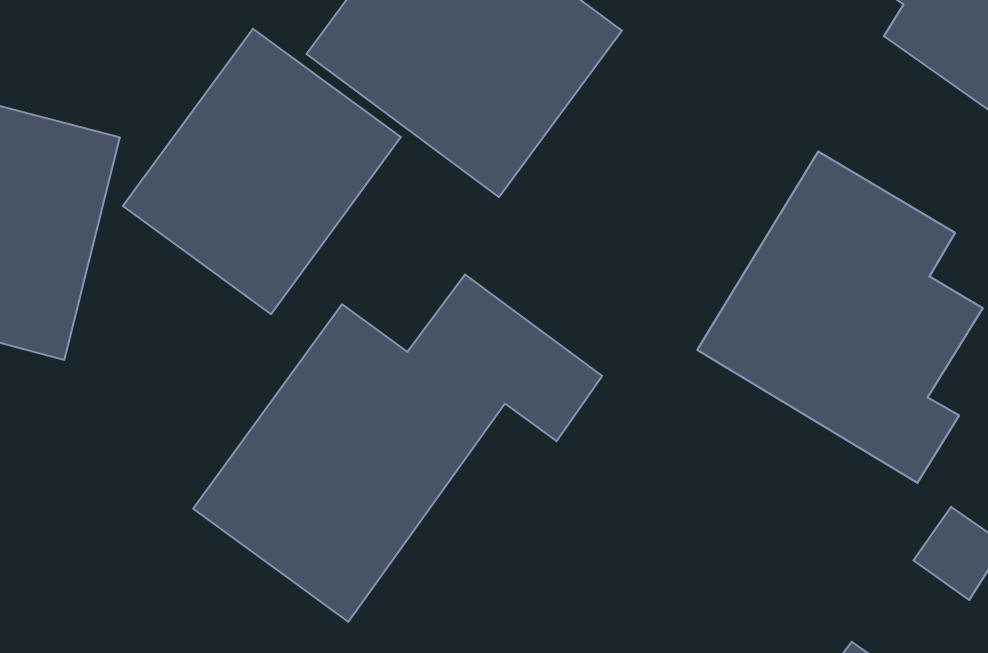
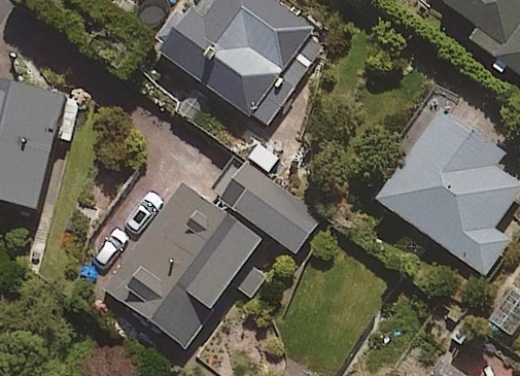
building: [123,29,401,314] -> none

